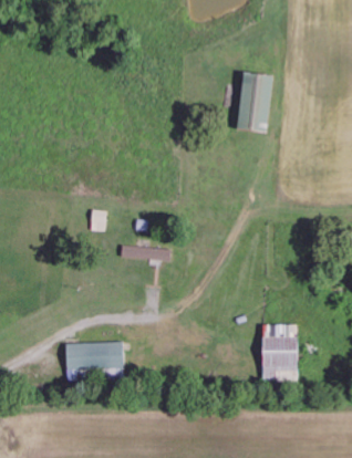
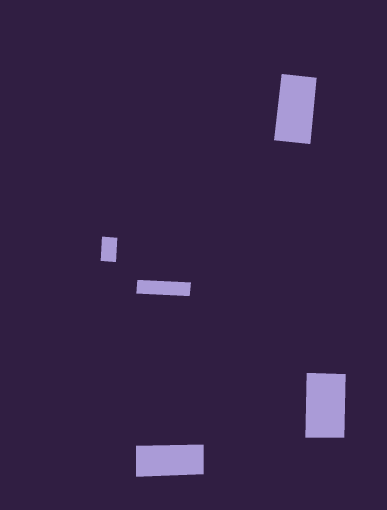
building: [64,342,123,369] -> [135,444,205,477]

